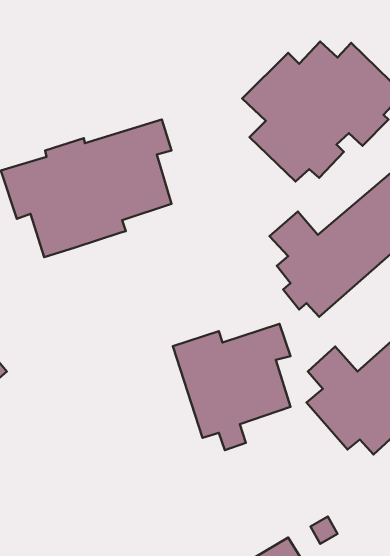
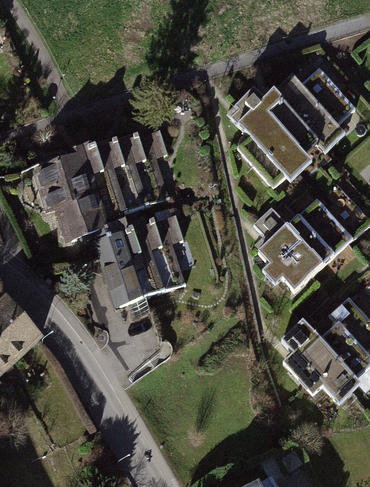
building: [173,324,291,450] -> [94,218,189,320]

